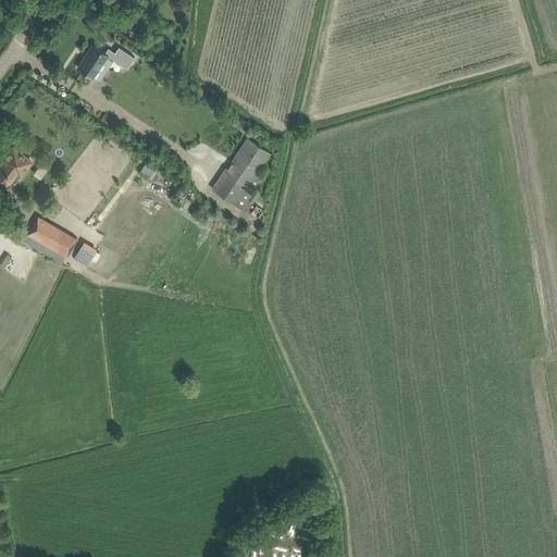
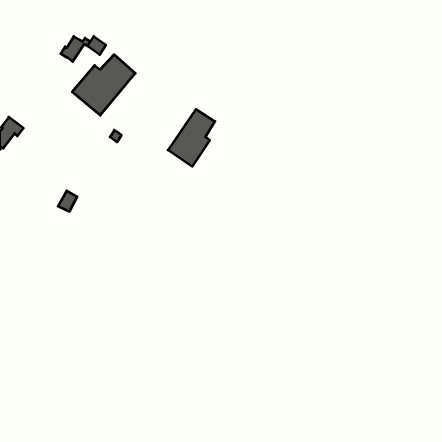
building: none -> [72,55,135,115]
building: [26,218,75,258] -> none

